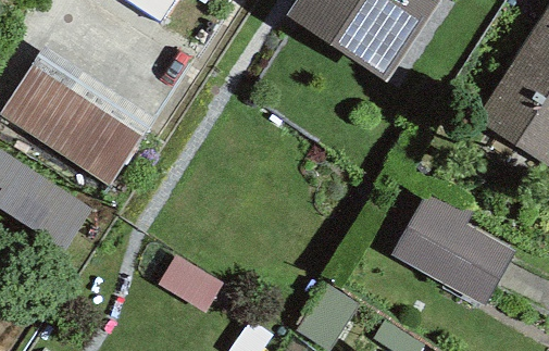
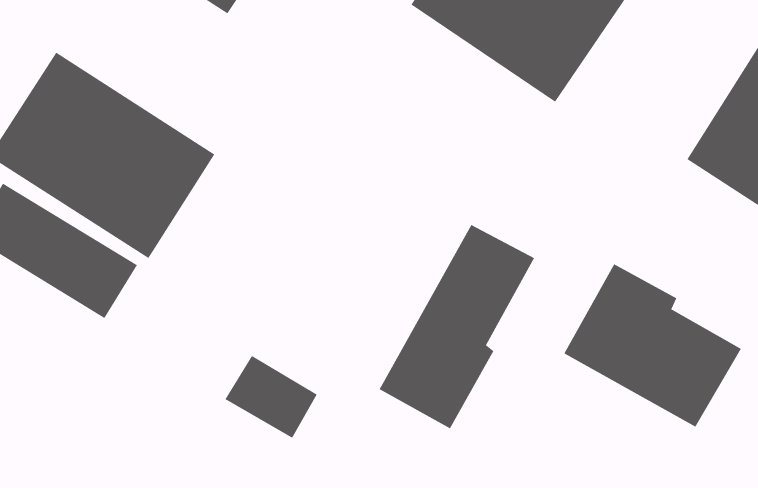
building: none -> [379,224,535,429]

